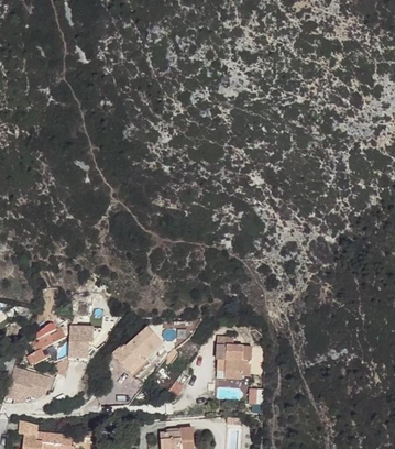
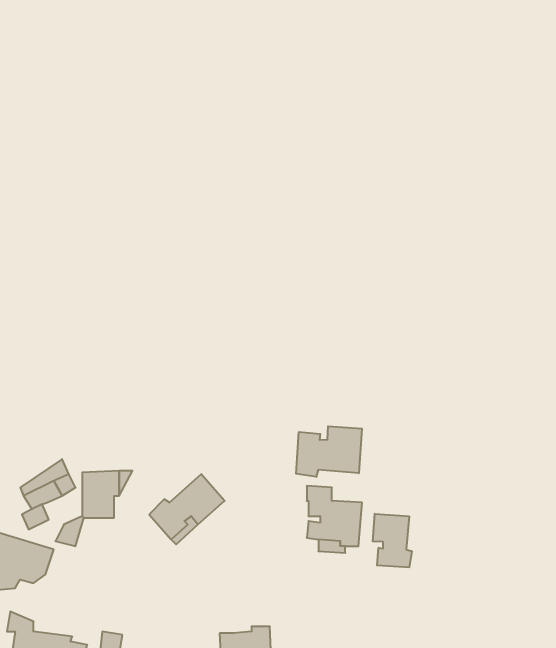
building: none -> [296,426,362,477]
building: none -> [373,514,412,567]

